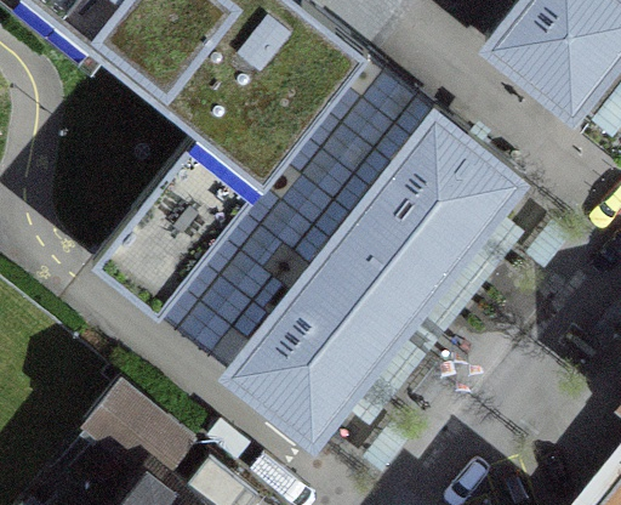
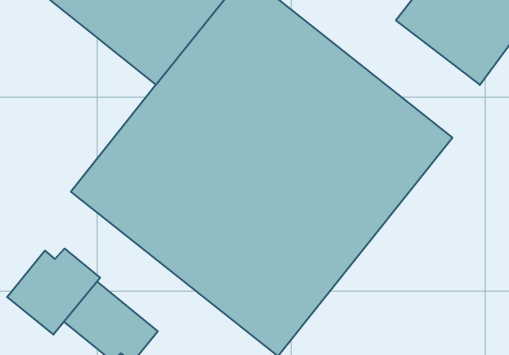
building: none -> [7,249,100,335]

